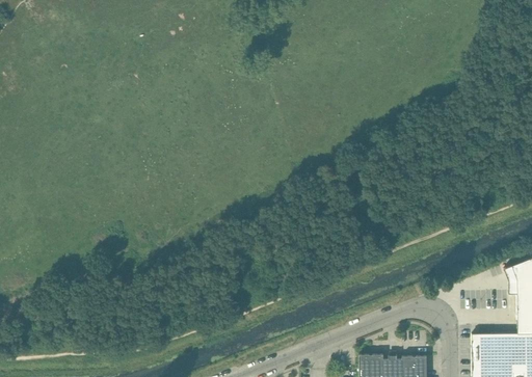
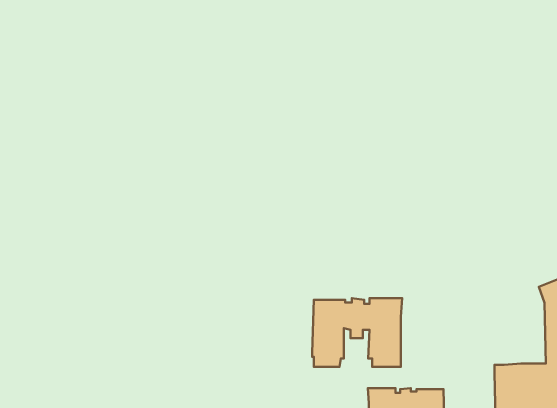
building: none -> [312,298,402,367]

